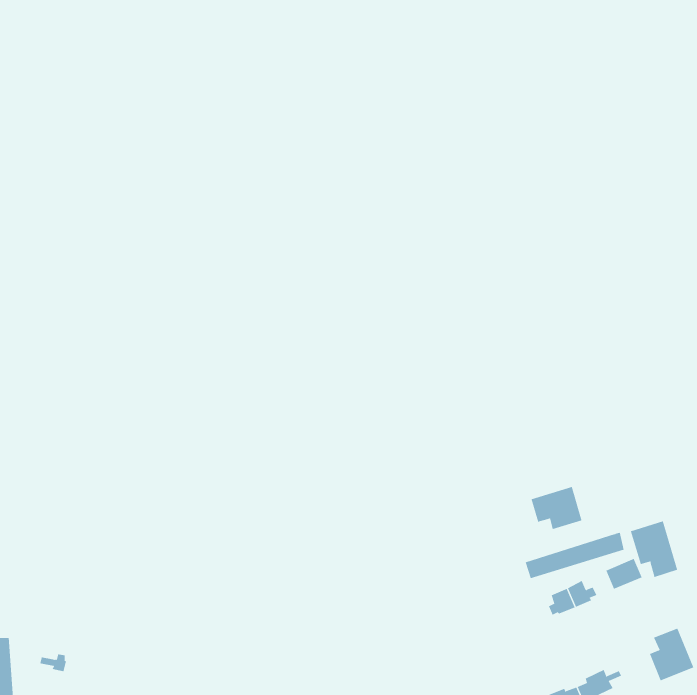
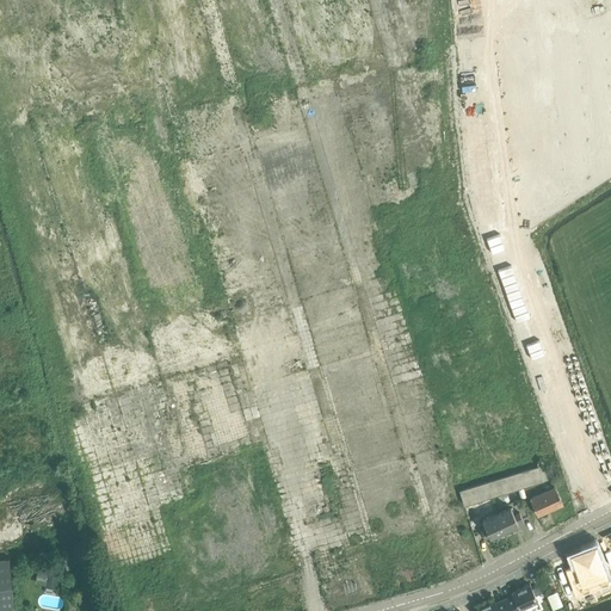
building: [531,486,582,530] -> none
building: [630,521,678,578] -> none

